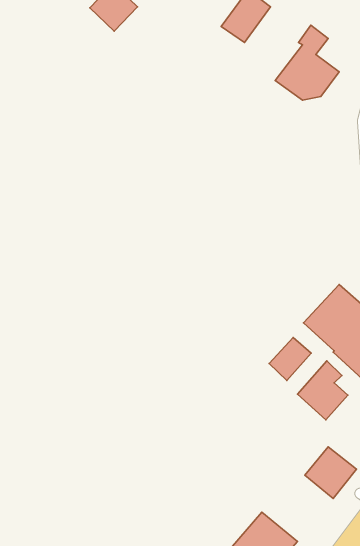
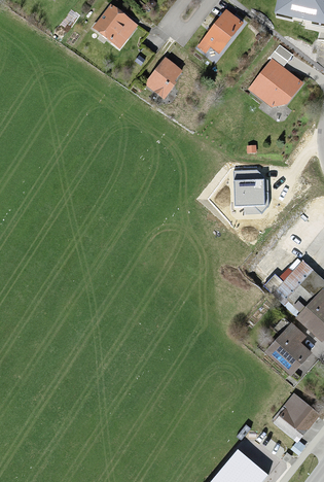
building: none -> [143,65,182,104]
building: none -> [233,169,268,213]
building: [269,338,311,380] -> none

